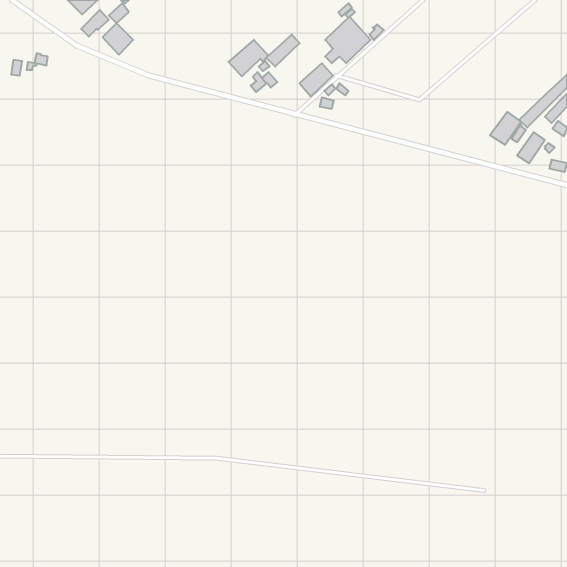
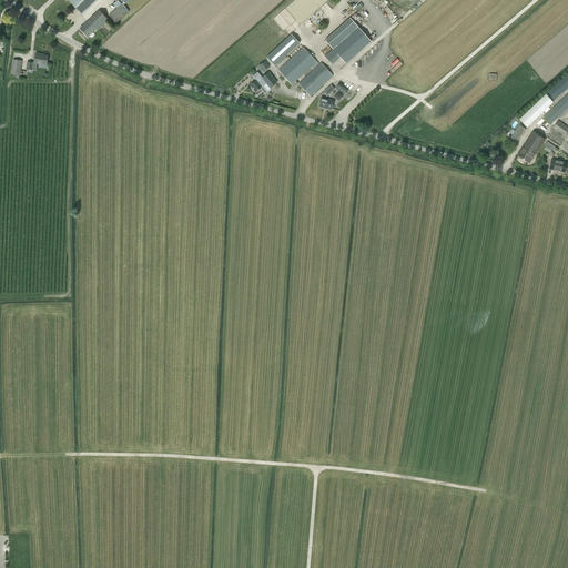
building: [103,23,133,55] -> none
building: [228,40,268,76] -> [278,48,318,84]
building: [490,112,521,145] -> none

